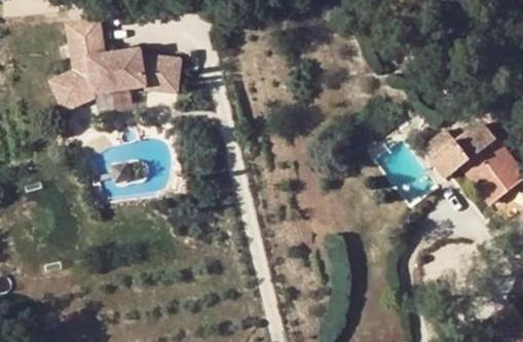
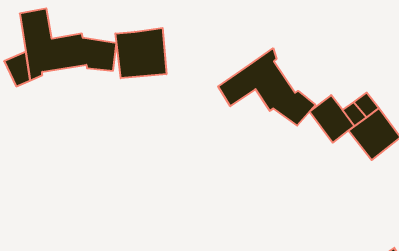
building: none -> [115,28,166,78]
building: none -> [218,48,315,126]

